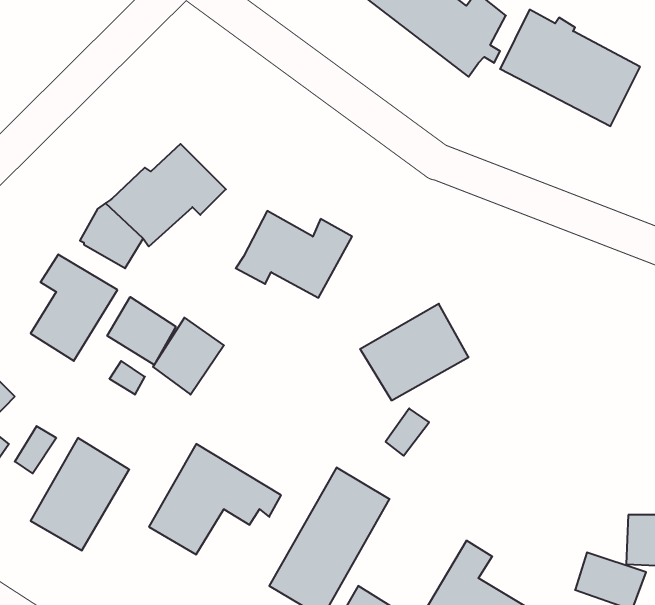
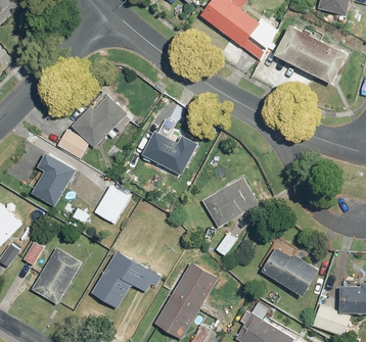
building: [107,297,176,365] -> none
building: none -> [261,243,316,295]

